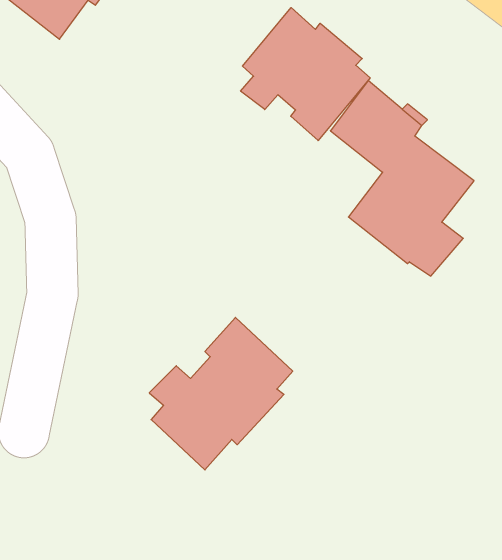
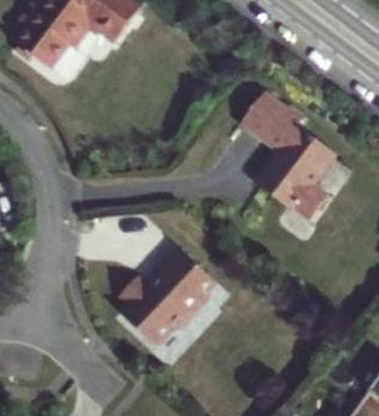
building: [241,8,370,141] -> none

